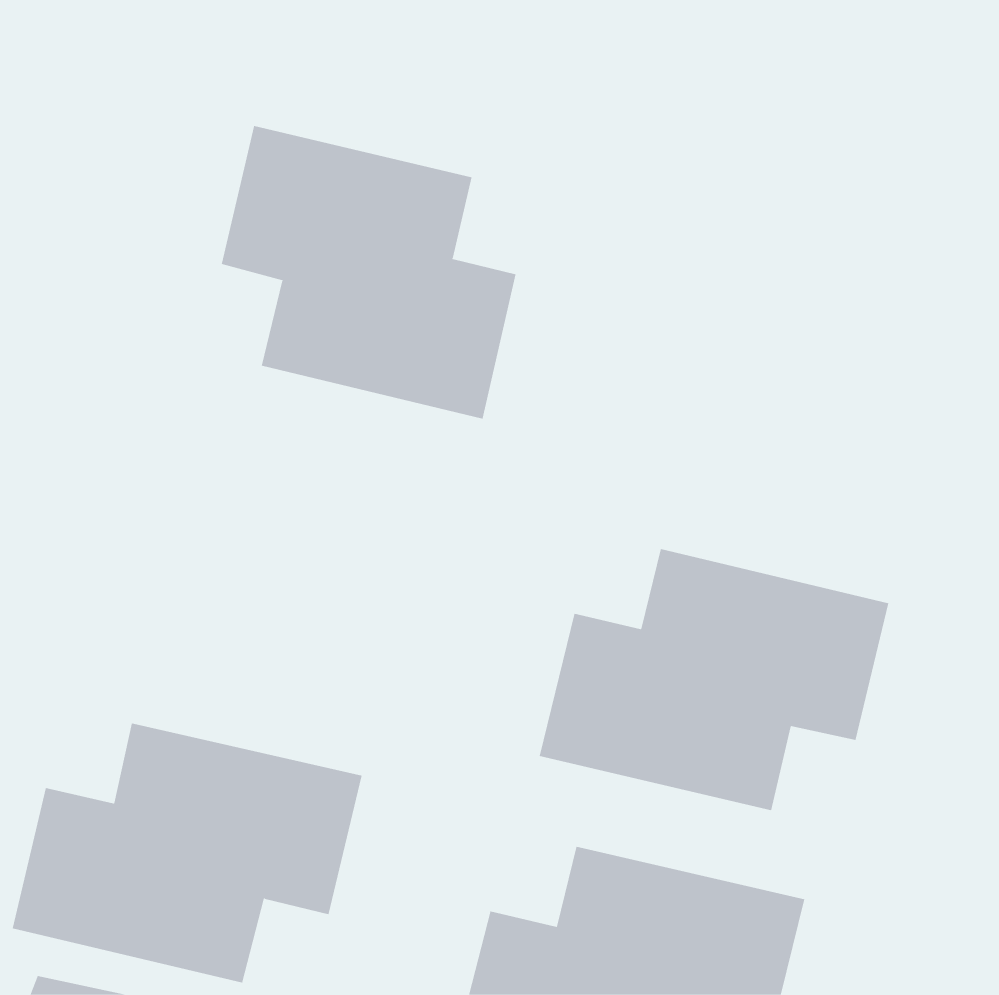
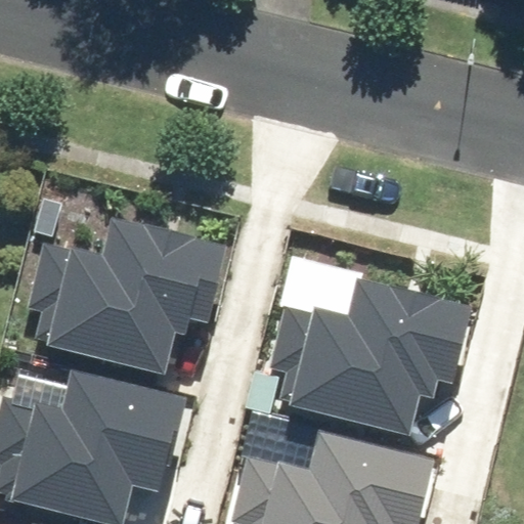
building: [221,125,516,420] -> none
building: none -> [35,226,217,363]

